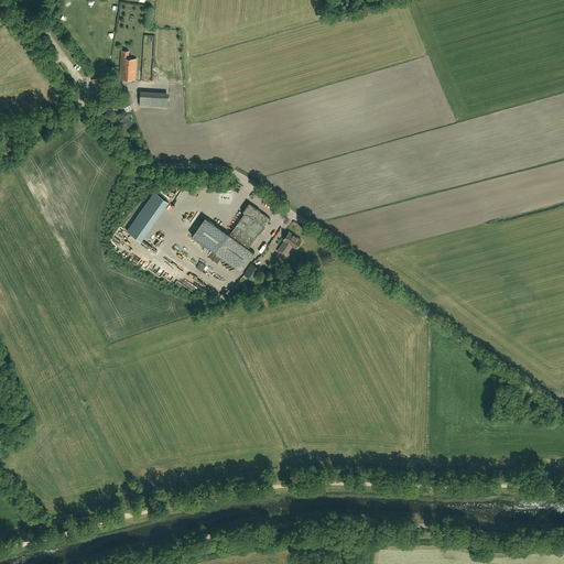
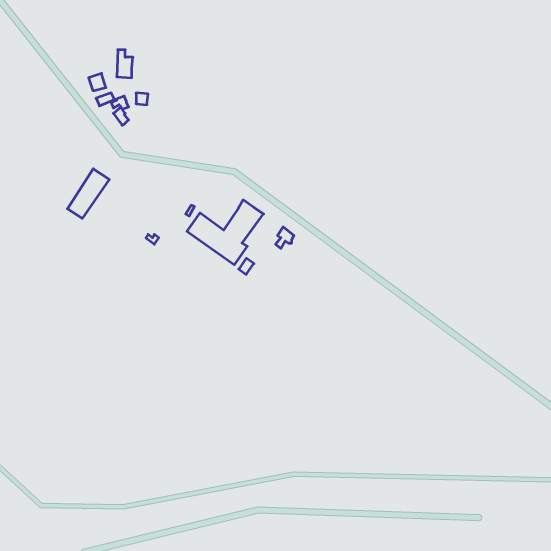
building: [129,191,172,241] -> [67,169,109,218]

